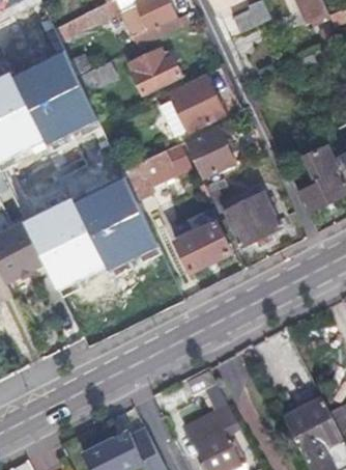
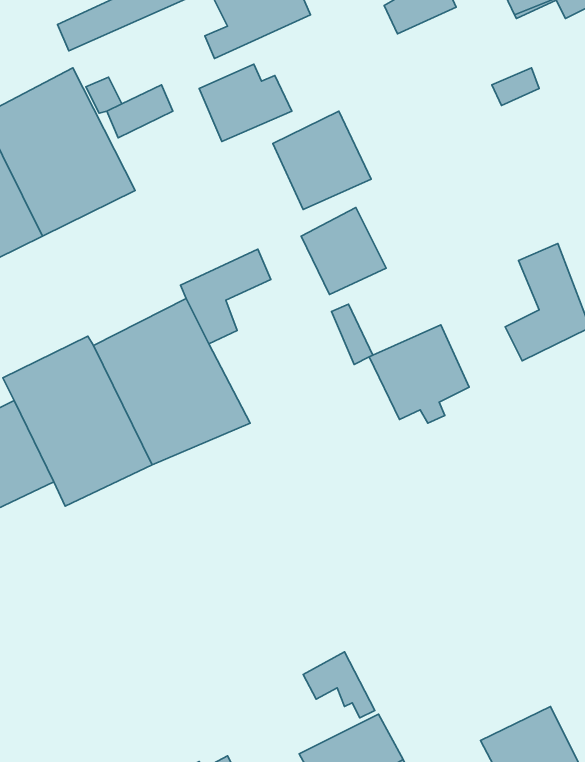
building: [176,224,229,271] -> none

